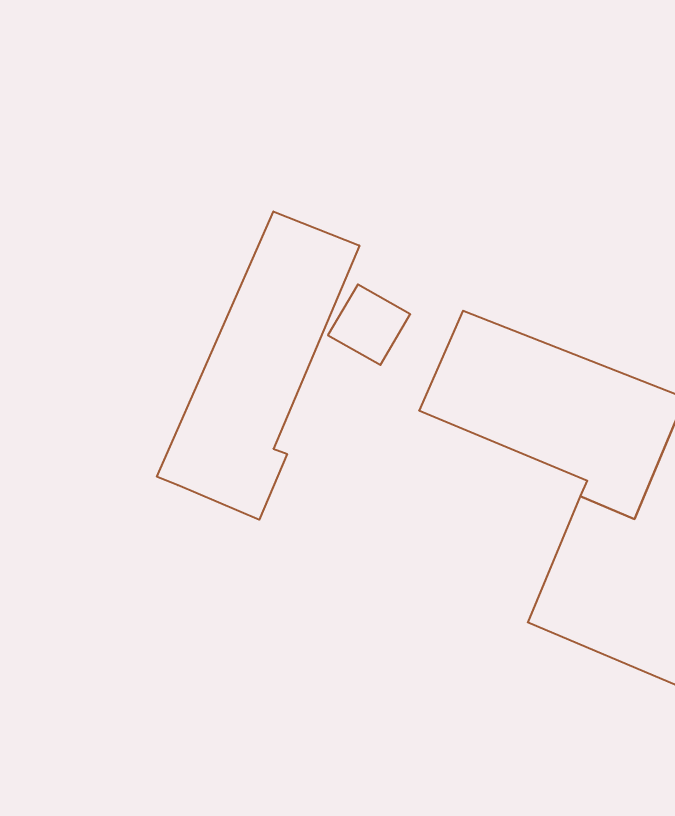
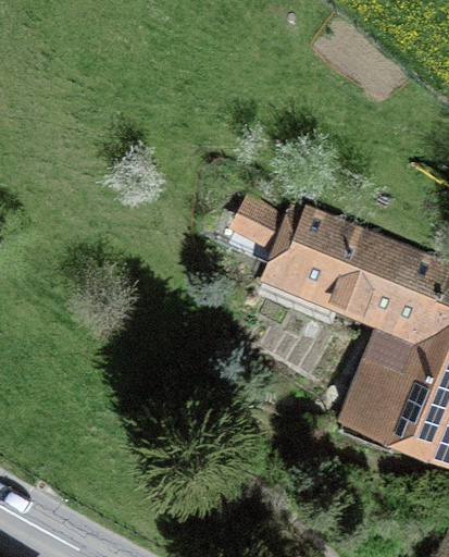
building: [157,211,359,520] -> none

